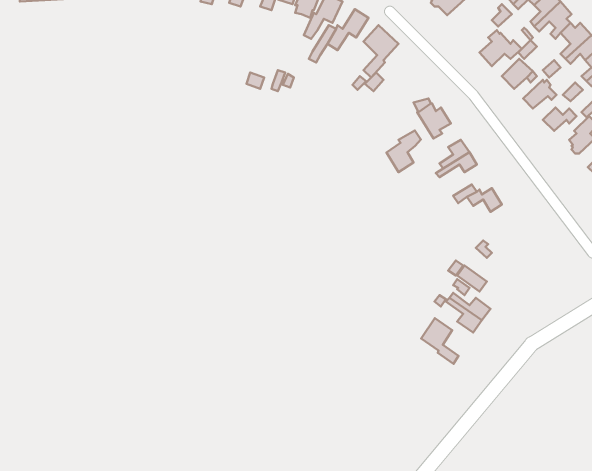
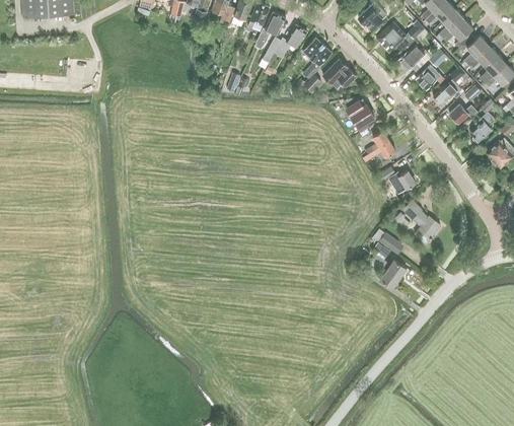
building: none -> [376,23,406,52]
building: none -> [322,59,356,89]
building: [386,131,421,172] -> none
building: none -> [402,201,440,242]
building: [421,318,459,364] -> none

